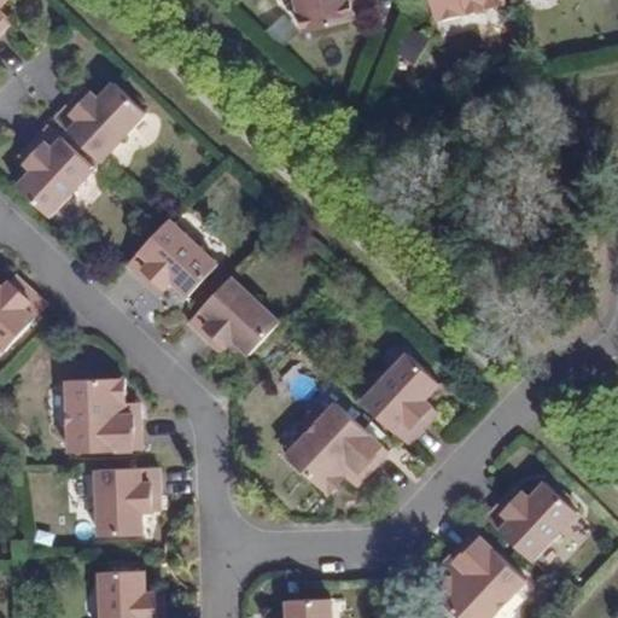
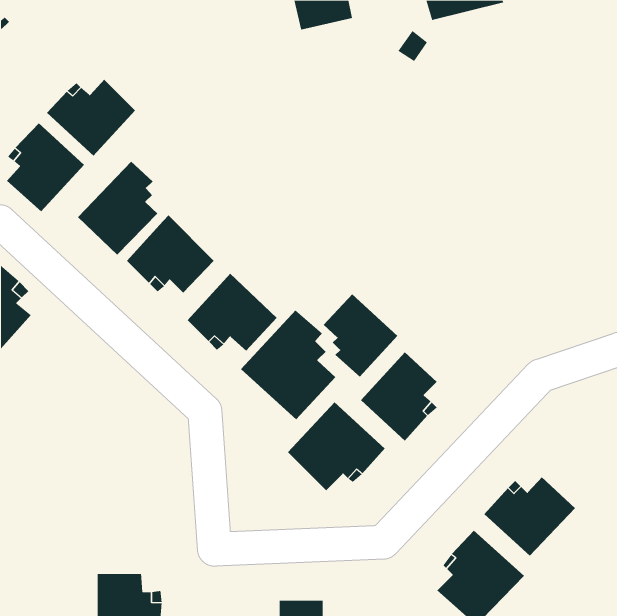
building: none -> [77,161,158,255]
building: none -> [323,294,398,378]
building: none -> [240,310,336,420]
building: [63,378,134,453] -> none
building: [95,467,161,535] -> none

